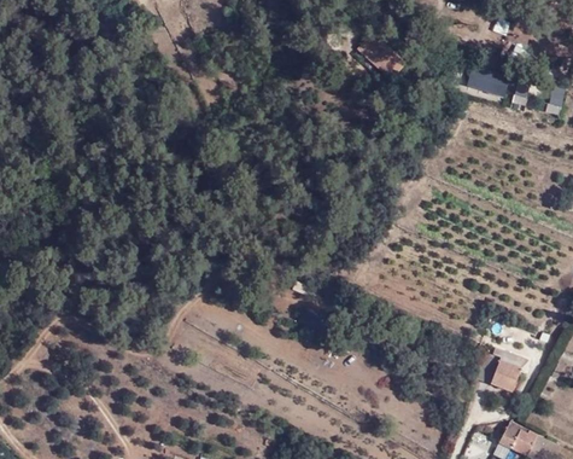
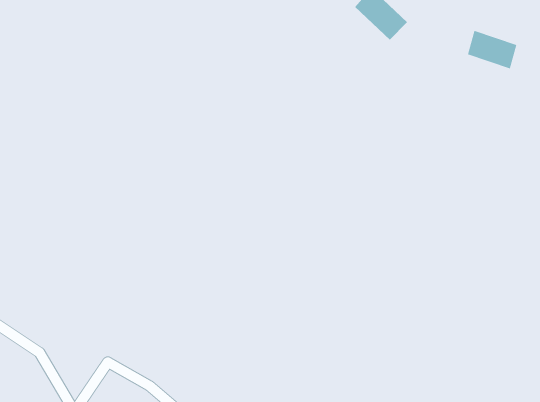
building: [487,360,520,393] -> none

